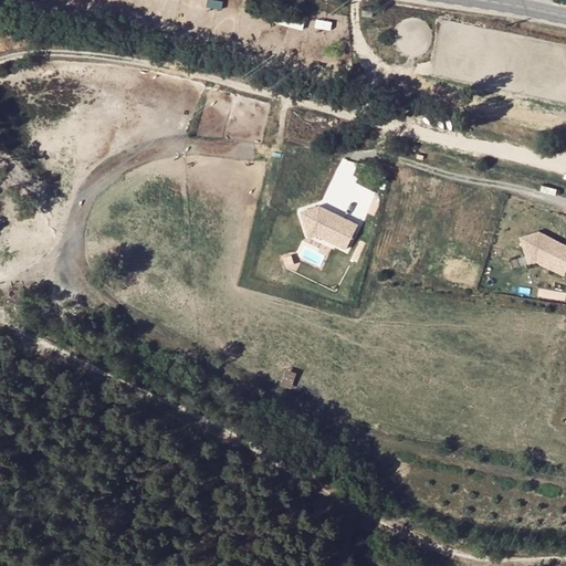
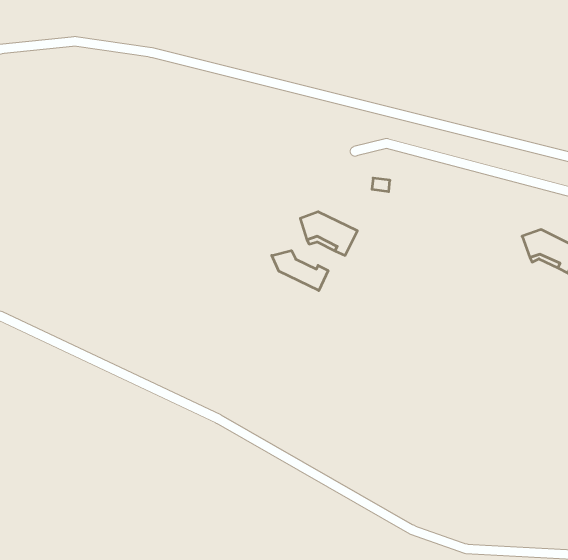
building: none -> [272,251,328,291]

